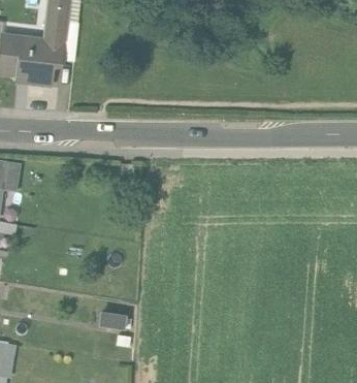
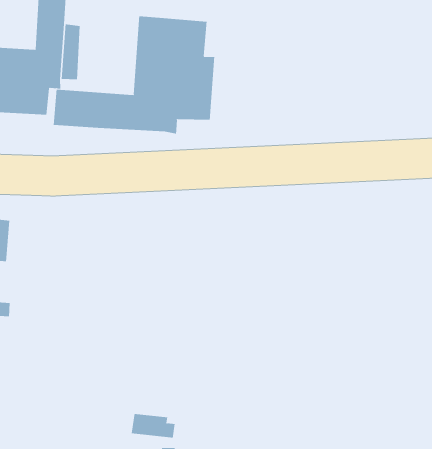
building: none -> [53,15,215,134]

